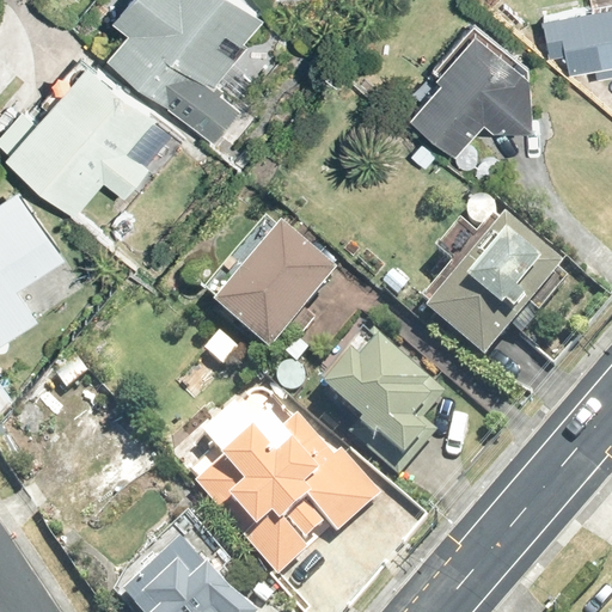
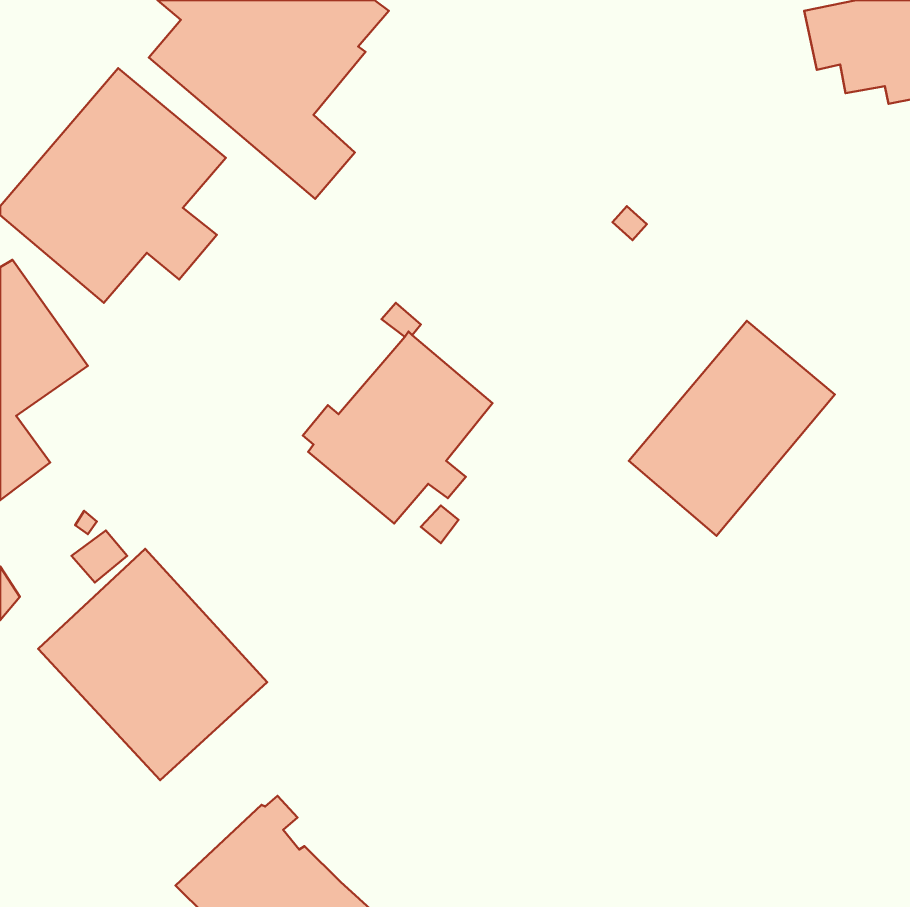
building: [406,18,531,145] -> none
building: [319,339,445,482] -> none
building: none -> [38,549,267,780]
building: [194,422,381,581] -> none

